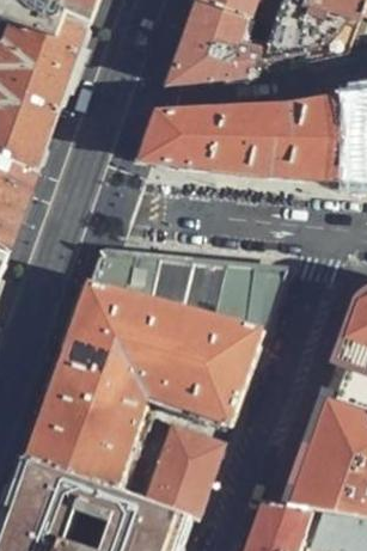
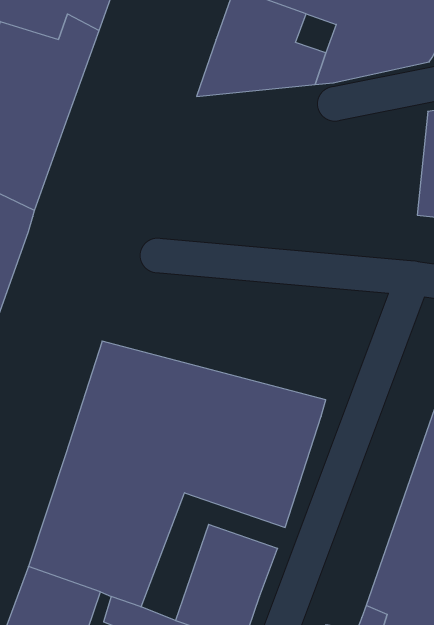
building: [136,94,347,177] -> none
building: [87,247,287,324] -> none

